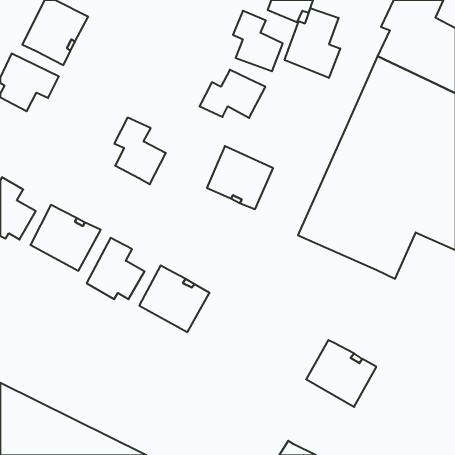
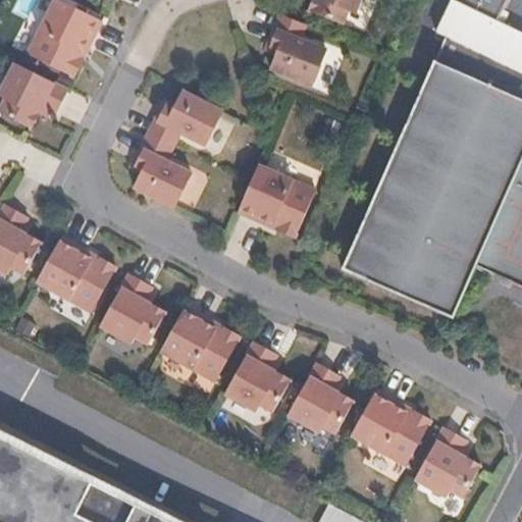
building: [285,8,340,78] -> none
building: [199,70,265,118] -> [147,93,222,148]
building: none -> [225,341,292,411]
building: none -> [289,362,355,432]
building: none -> [415,427,481,498]

